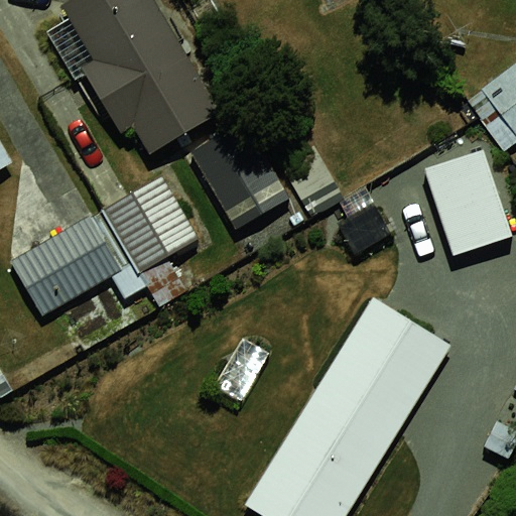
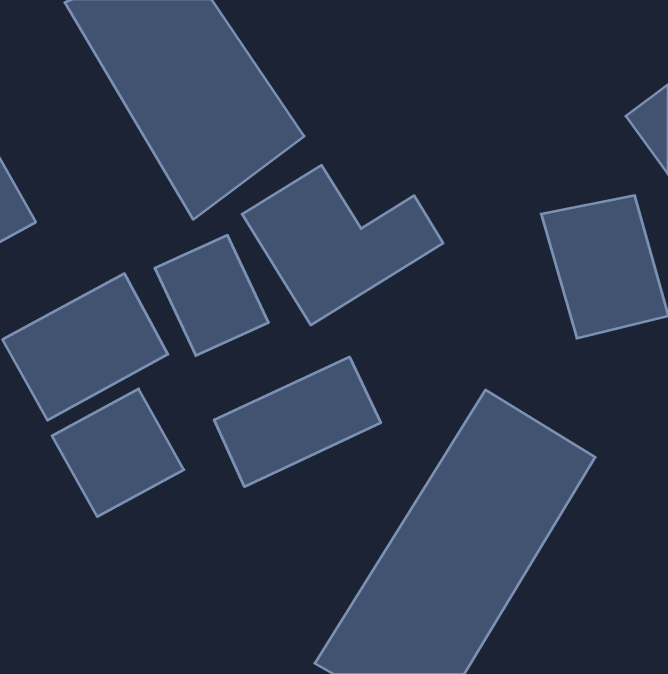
building: none -> [214,357,381,487]
building: none -> [52,389,184,517]

